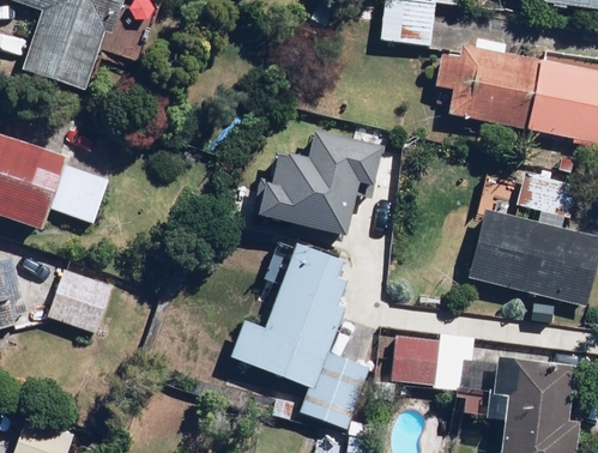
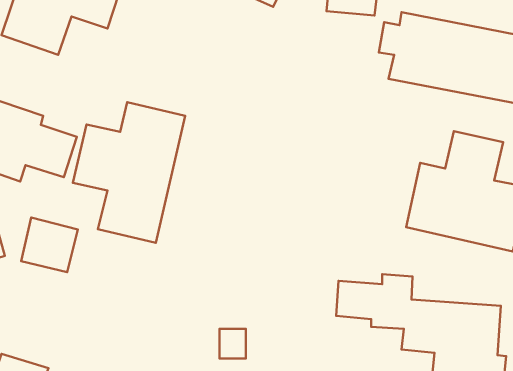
building: [254,131,382,235] -> none
building: none -> [73,102,185,243]
building: [229,241,368,430] -> none

